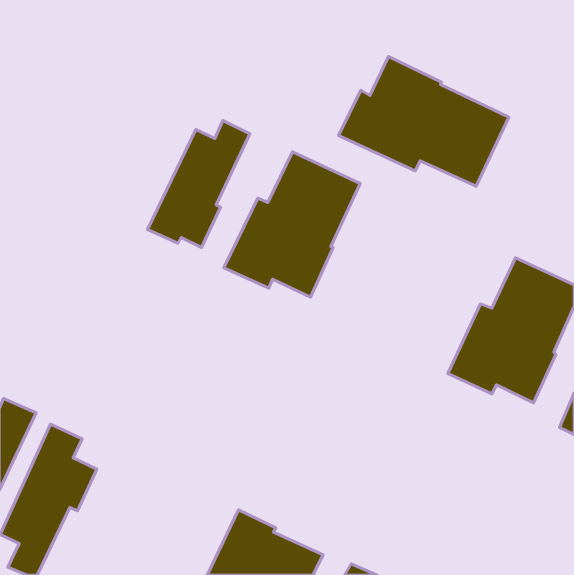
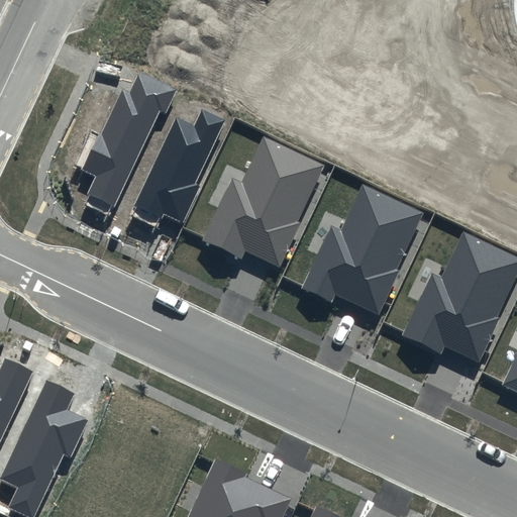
building: [338,56,509,186] -> none
building: none -> [79,73,176,207]
building: none -> [301,184,423,315]

